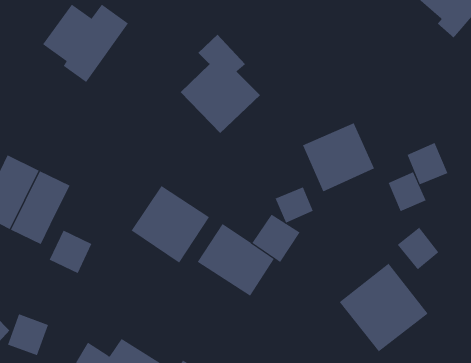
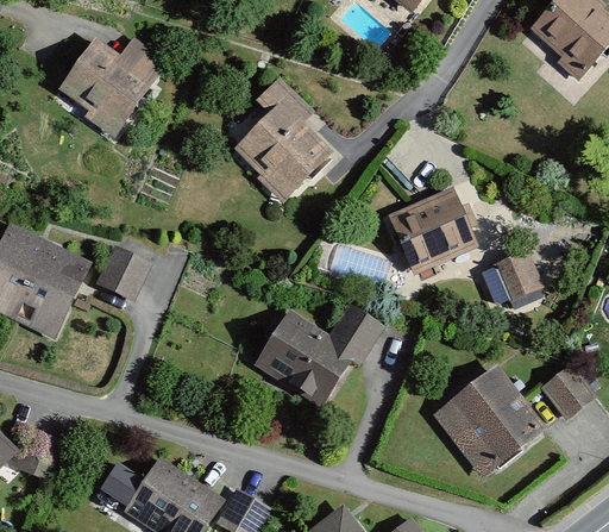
building: [407,142,448,185] -> none
building: [131,185,210,263] -> none
building: [275,186,313,223] -> none
building: [397,227,439,270] -> [540,364,594,419]
building: [49,230,92,274] -> [96,245,151,301]

